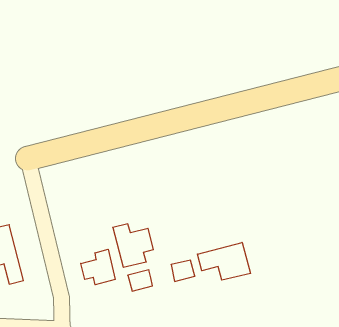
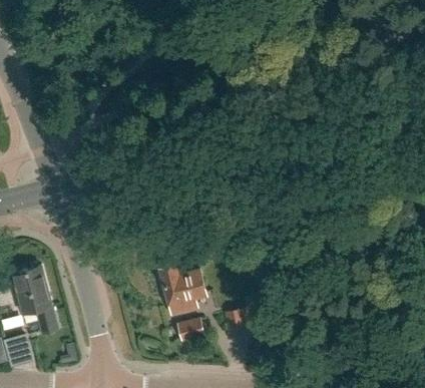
building: [197,242,251,280] -> none
building: [81,249,115,285] -> none

